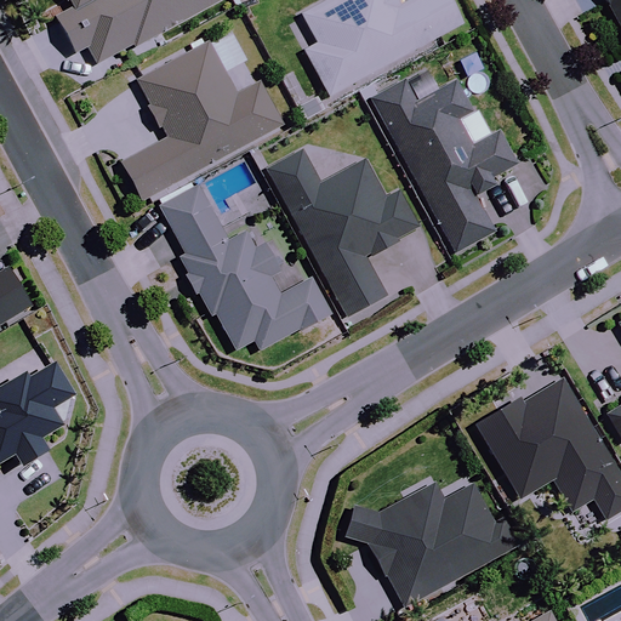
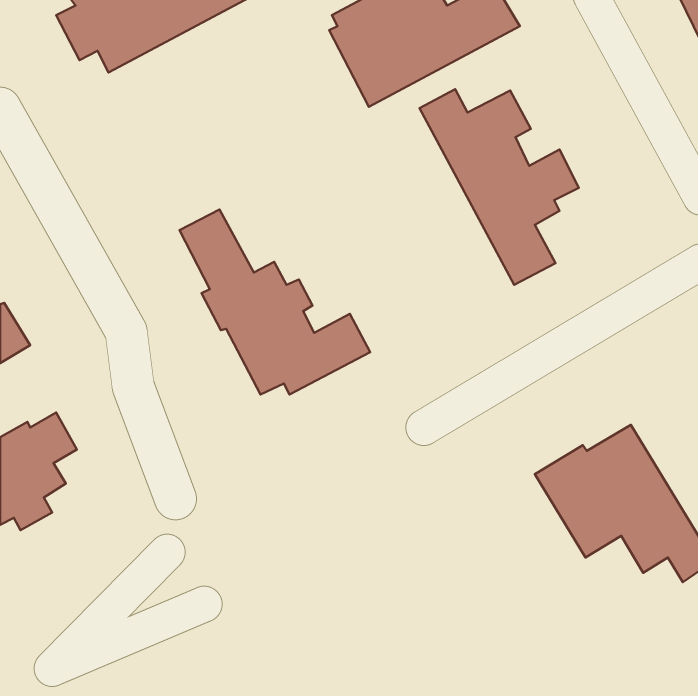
building: [119,29,280,201] -> none
building: [268,149,416,314] -> none
building: [342,483,518,605] -> none

